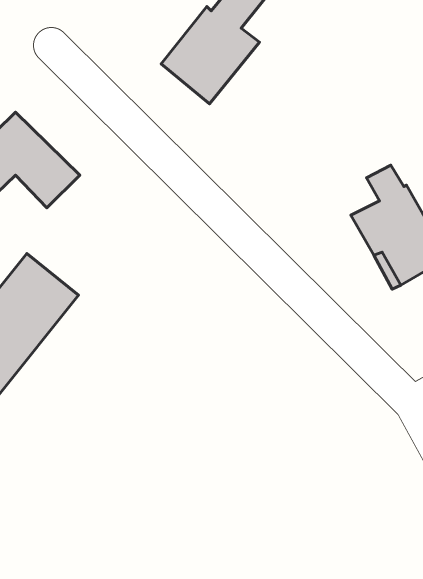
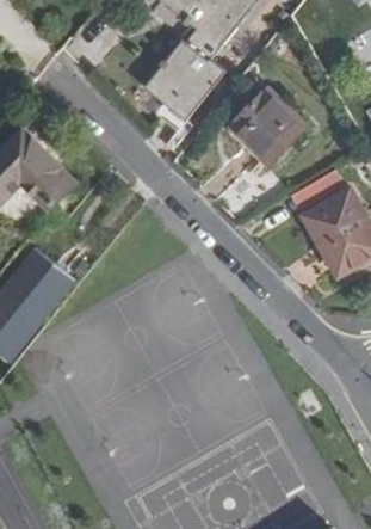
building: none -> [231,87,307,165]

